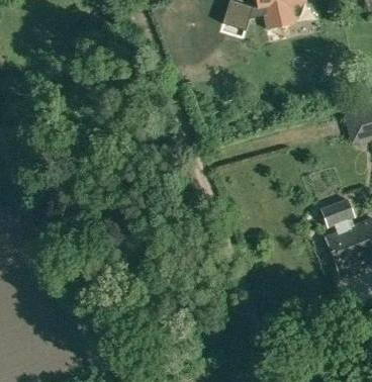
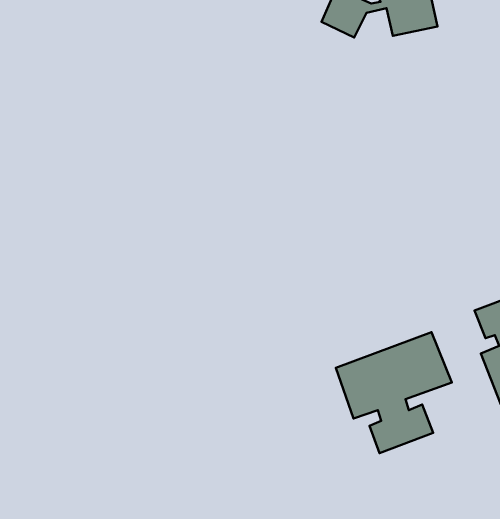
building: none -> [336,332,452,453]

